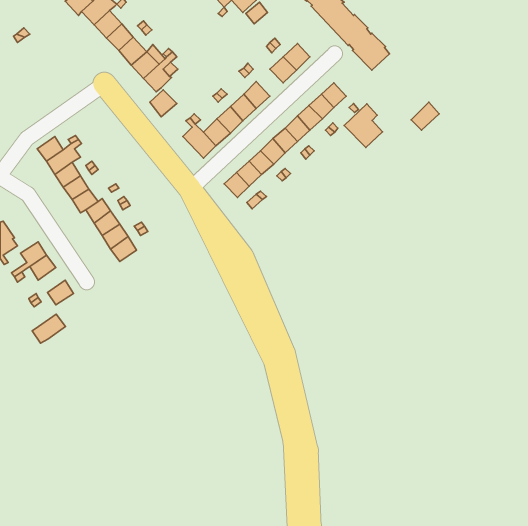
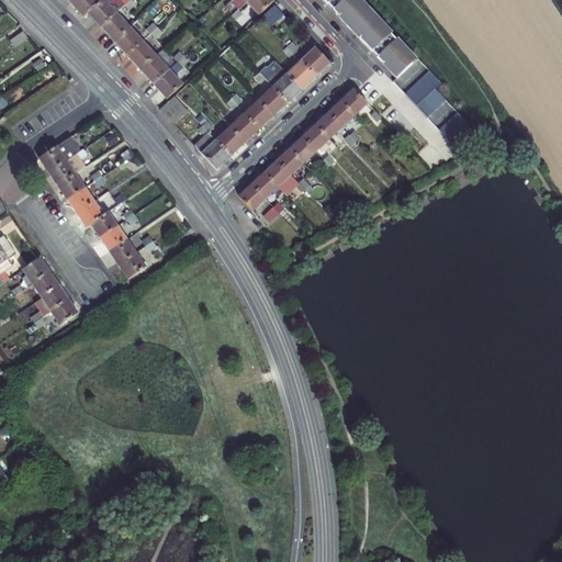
building: none -> [272,66,301,102]
building: [344,104,382,147] -> [403,68,443,114]
building: [32,314,65,343] -> [34,284,69,315]

